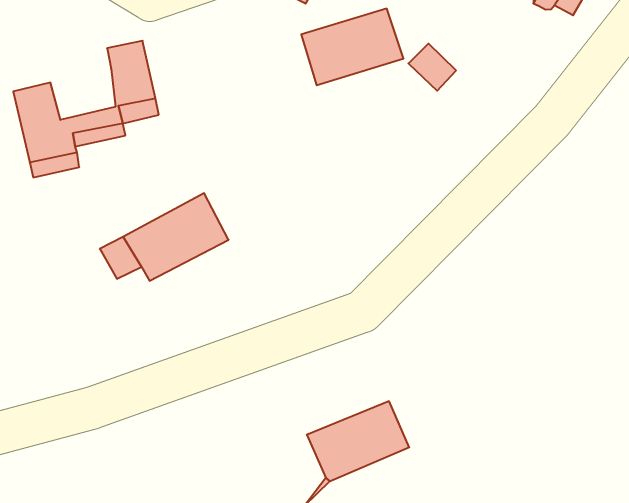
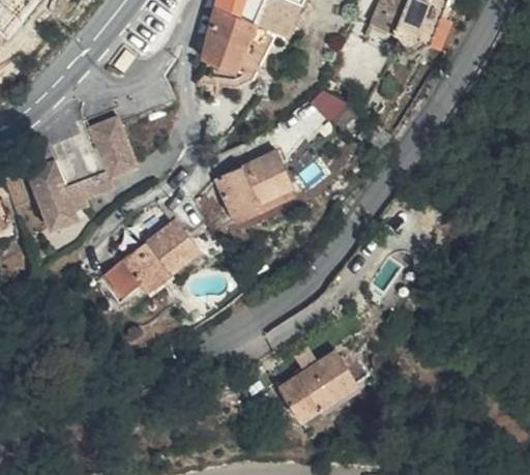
building: [301,9,404,85] -> [219,153,296,216]

